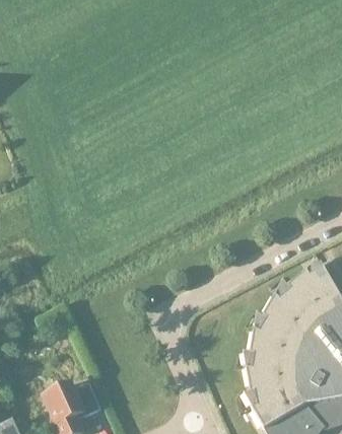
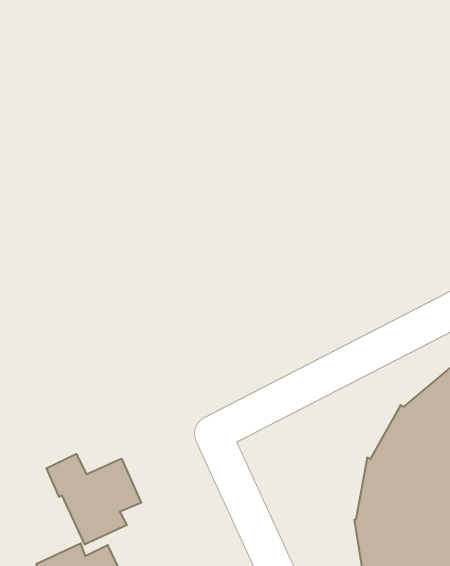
building: none -> [47,454,141,545]

